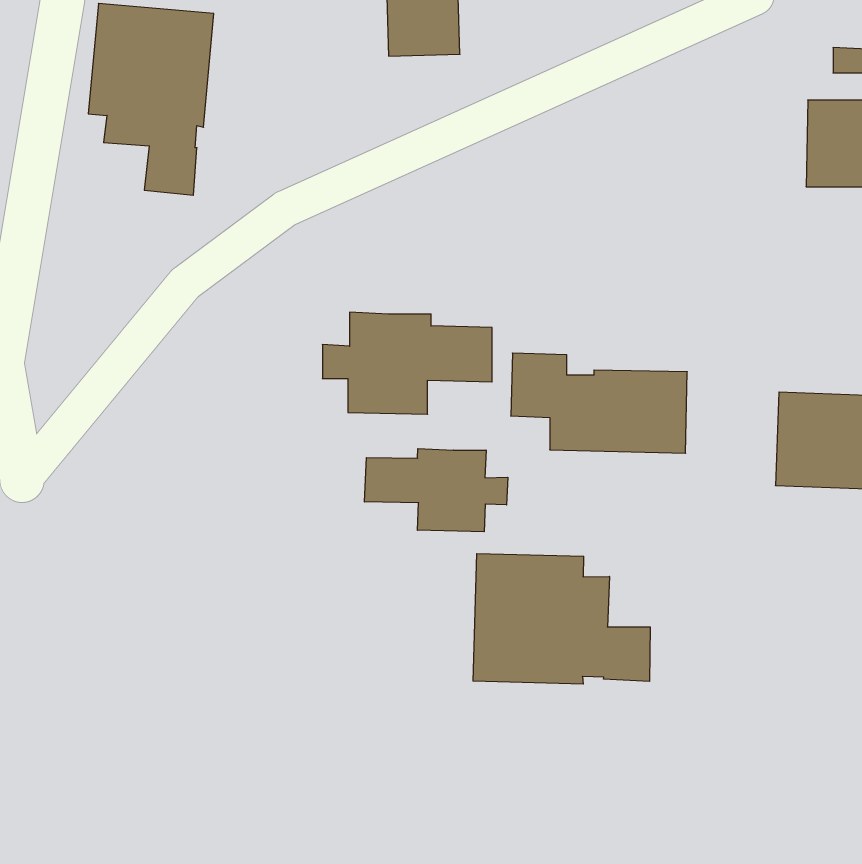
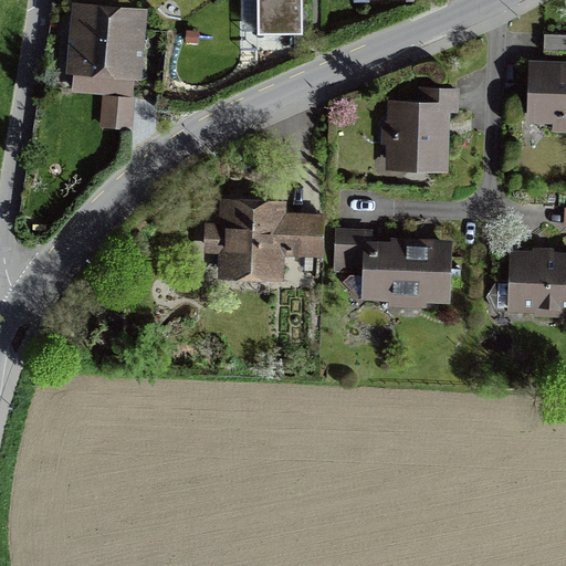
building: none -> [384,92,460,176]
building: [365,449,508,532] -> none
building: [473,554,650,684] -> none

